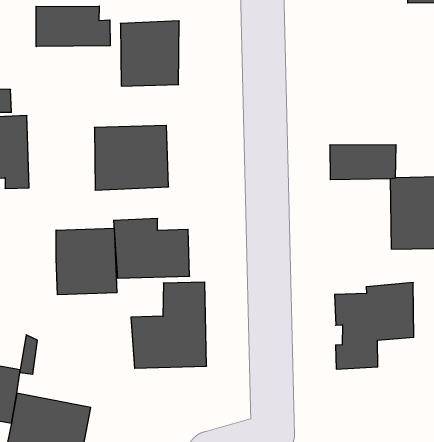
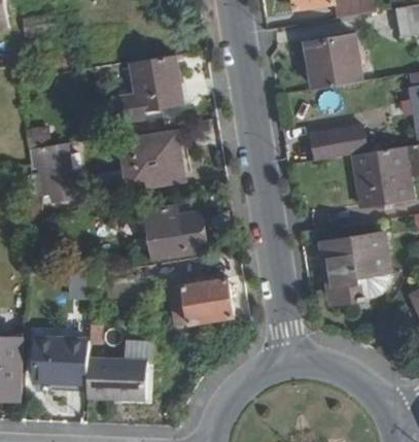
building: [36,6,110,47] -> none
building: none -> [308,34,361,86]
building: [56,228,117,295] -> none

